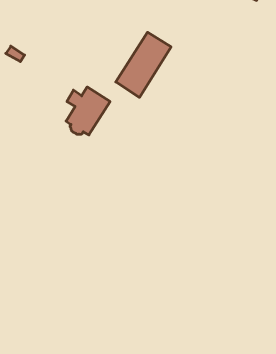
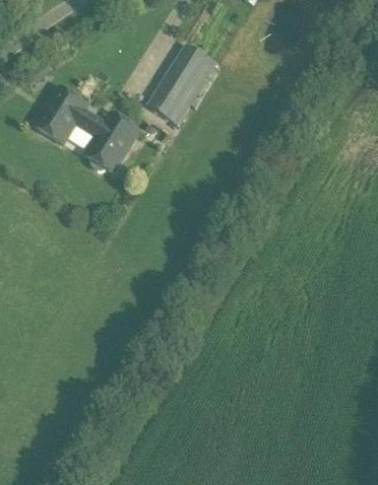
building: none -> [35,85,94,142]

